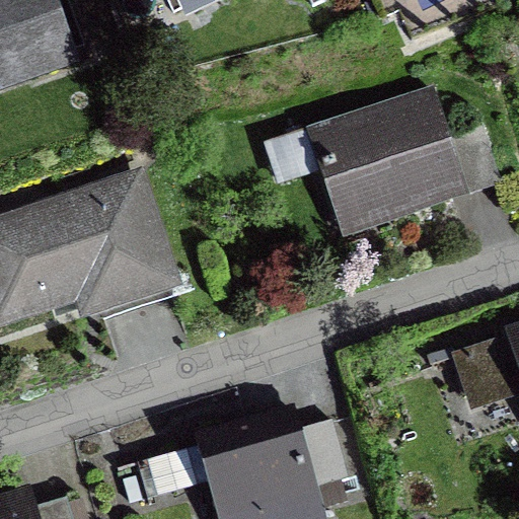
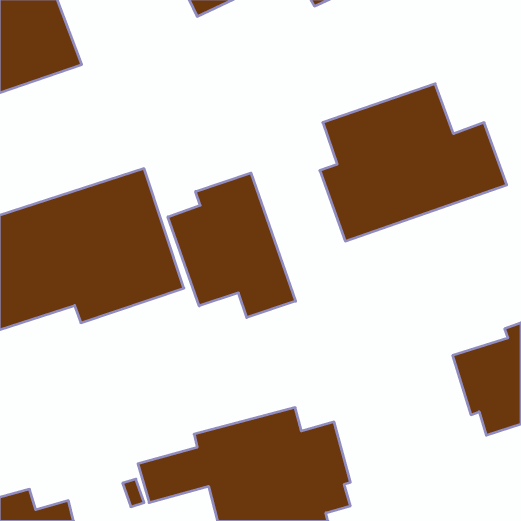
building: none -> [168,173,296,318]

